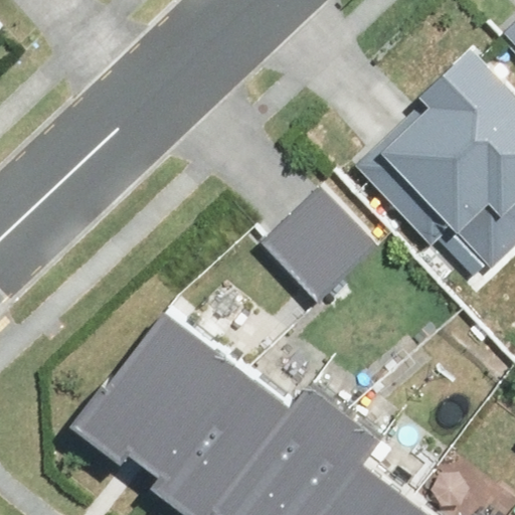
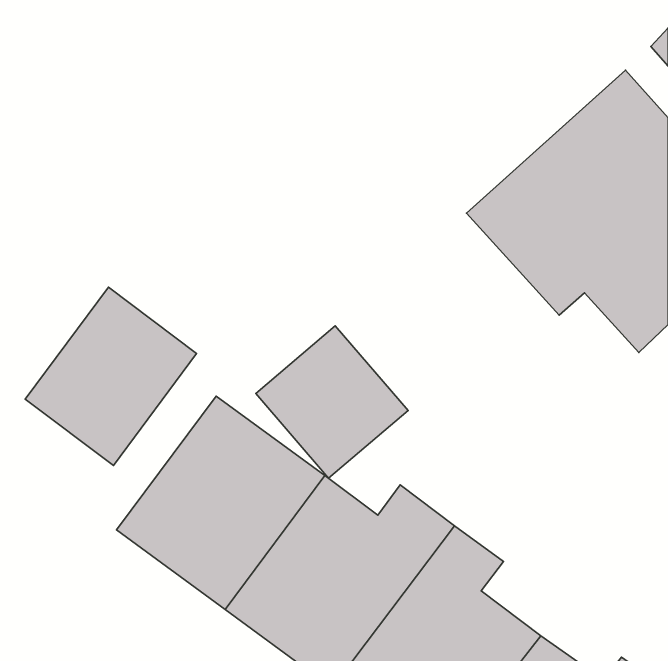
building: [254,196,370,312] -> [256,326,408,478]
building: none -> [25,287,197,466]

